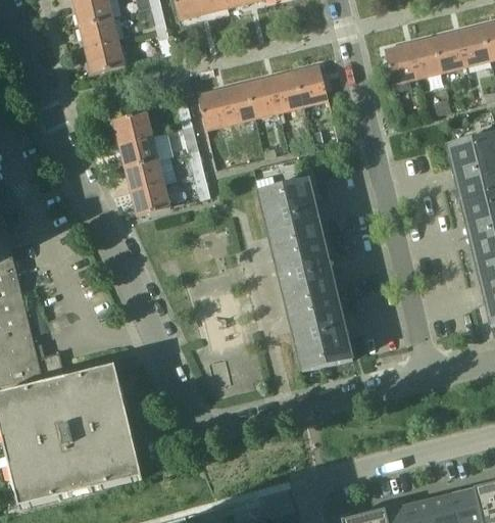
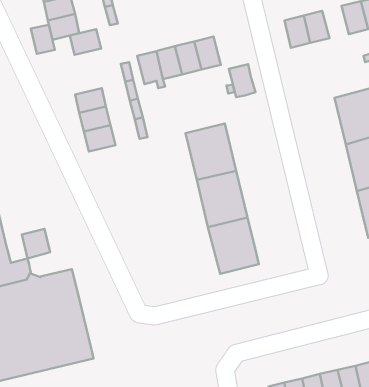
building: [433,31,466,72] -> none
building: none -> [31,25,55,54]
building: [295,63,329,105] -> [229,64,255,97]
building: [113,110,153,143] -> [70,29,101,55]
building: none -> [22,229,50,259]

